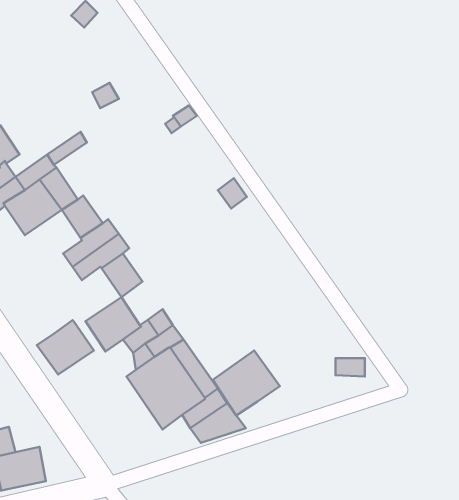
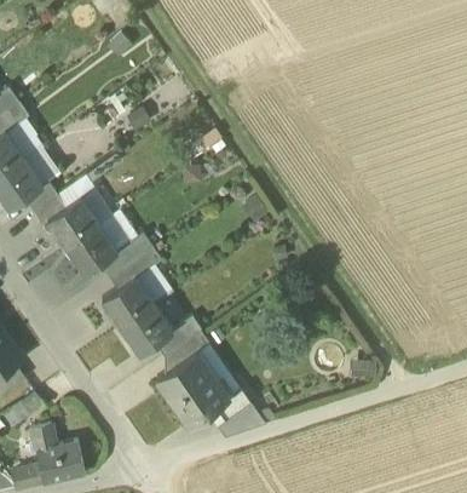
building: none -> [64,225,116,275]
building: [37,320,94,374] -> [100,277,152,327]
building: [213,351,280,415] -> none

